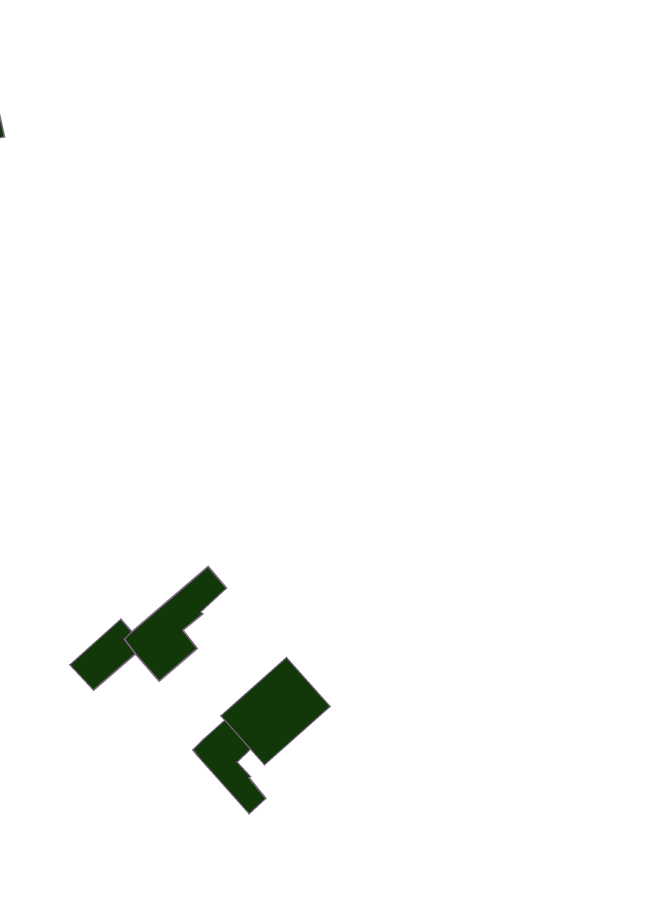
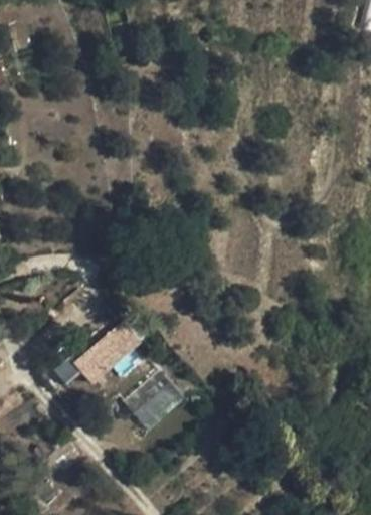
building: [193,720,266,814] -> none

